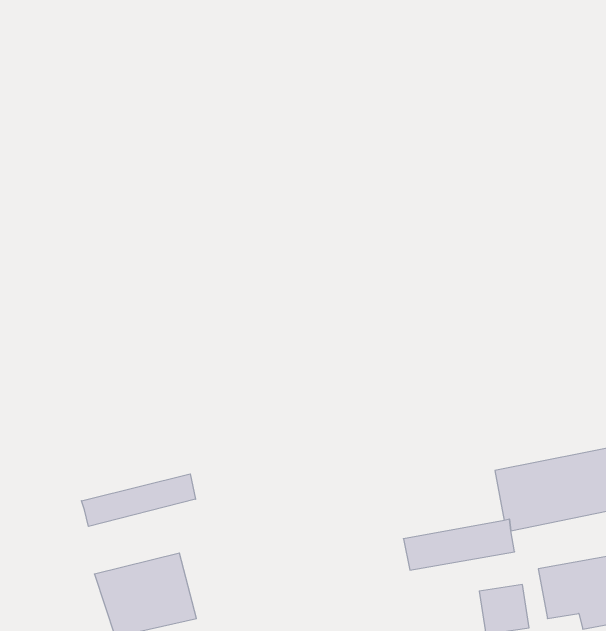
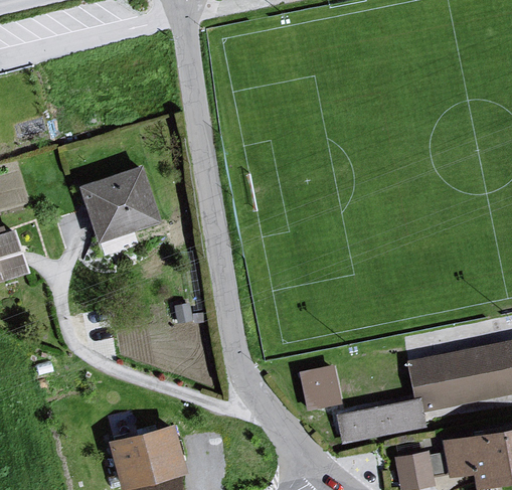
building: none -> [75,167,163,246]
building: none -> [302,365,343,410]
building: [81,474,196,526] -> none

